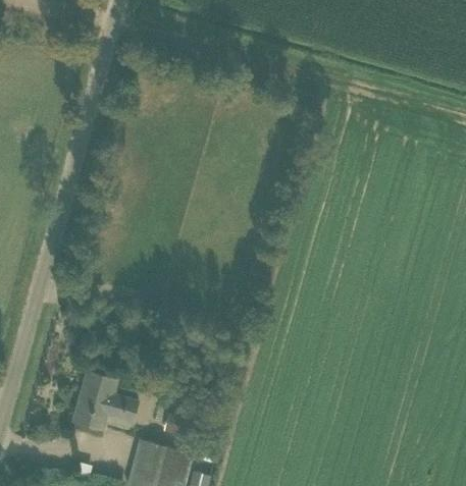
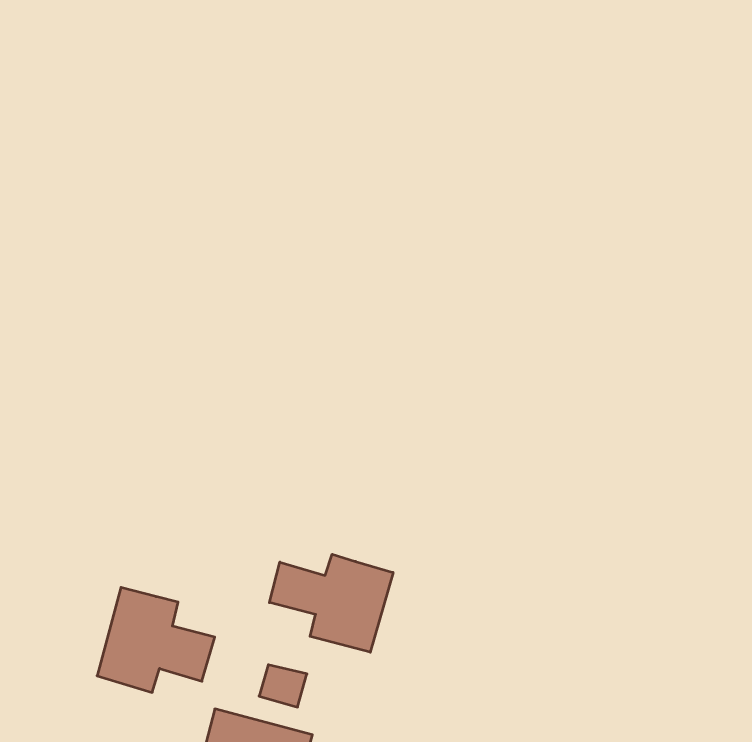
building: none -> [269,554,393,652]

